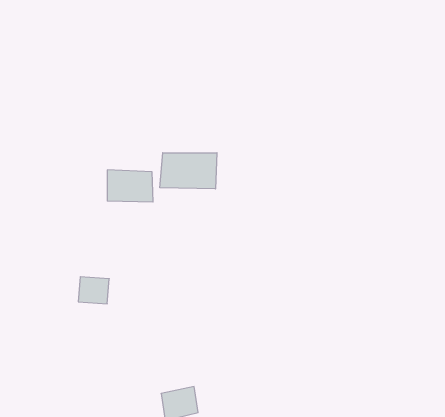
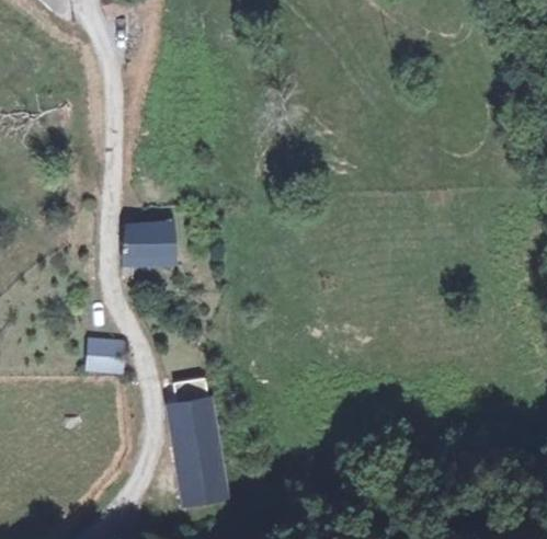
building: [160,153,217,189] -> none
building: none -> [174,398,219,472]

